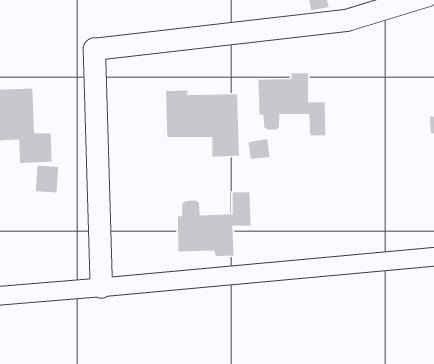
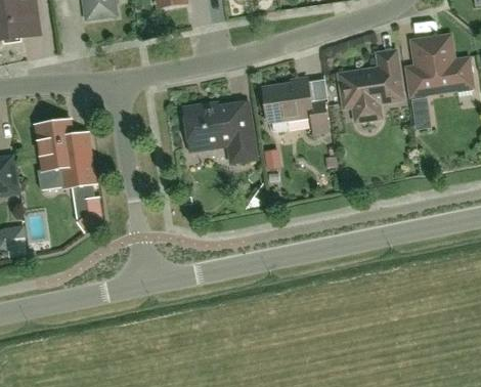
building: none -> [340,50,403,119]
building: [177,191,251,257] -> none

